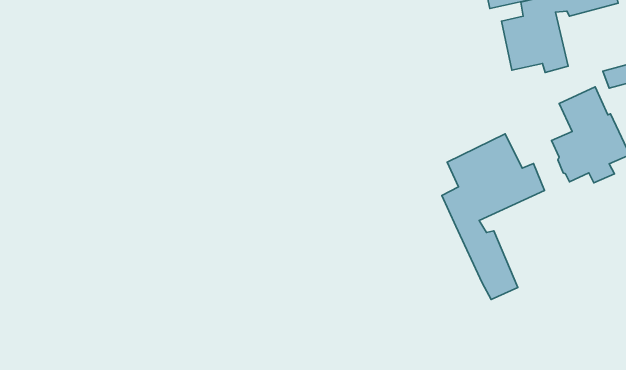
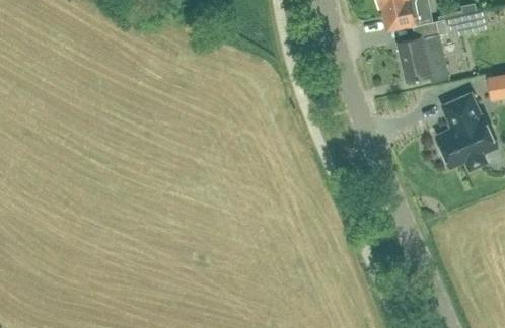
building: [442,134,544,300] -> none

